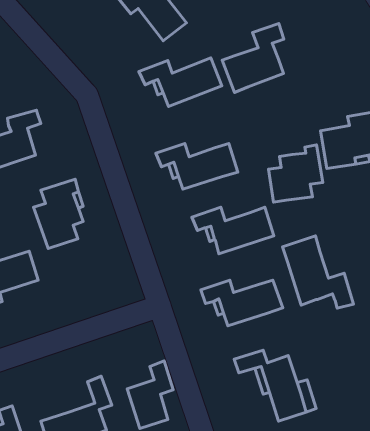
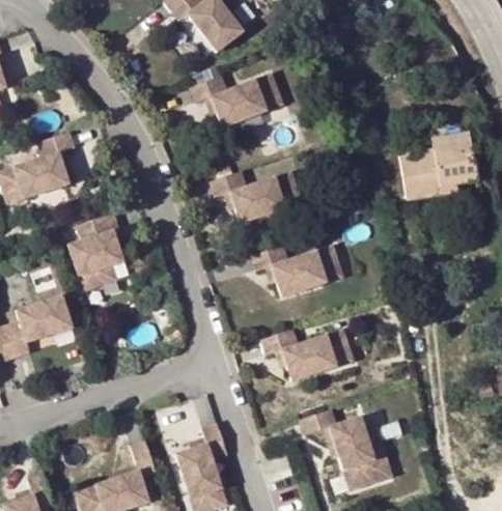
building: [222,24,284,92] -> none
building: [268,145,323,202] -> none
building: [282,236,353,308] -> none

